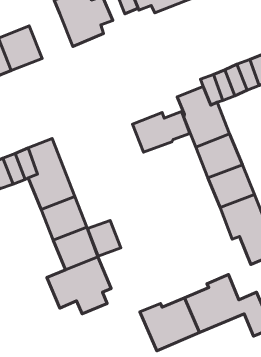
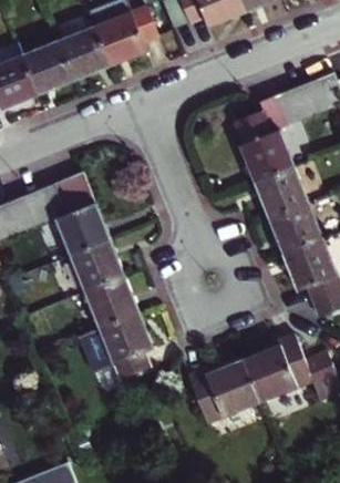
building: none -> [56,25,109,79]
building: [133,112,190,152] -> none
building: [87,220,121,256] -> none

